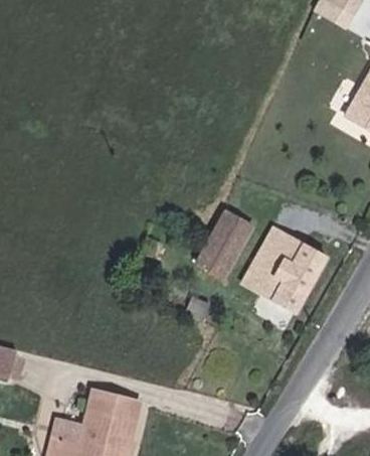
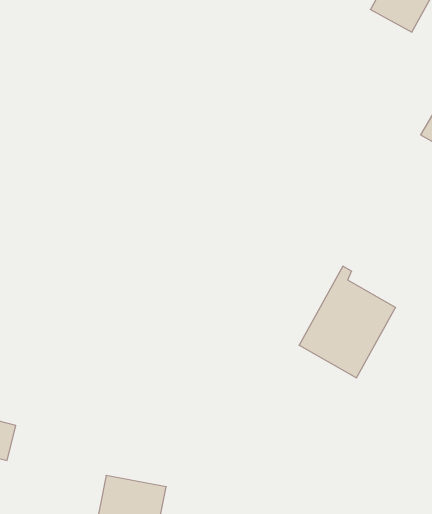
building: [198,213,253,278] -> none

